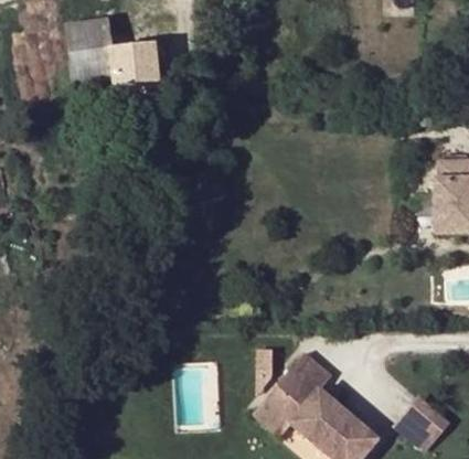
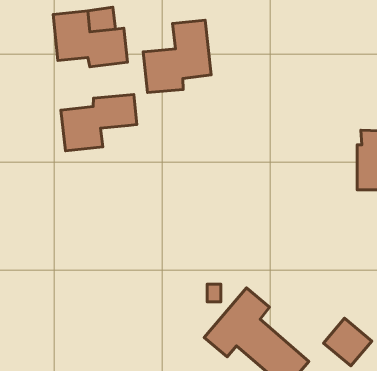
building: none -> [143,20,211,92]
building: none -> [61,94,137,151]

